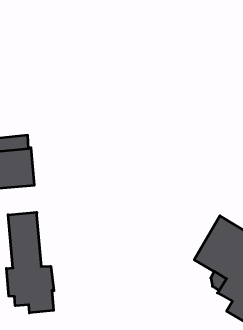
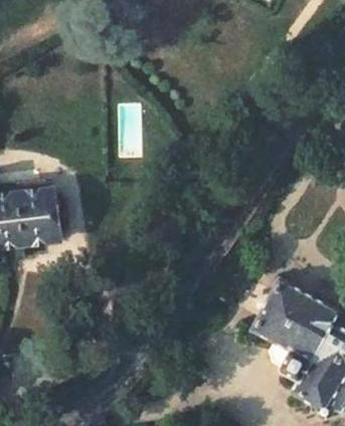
building: [6,212,54,313] -> none

